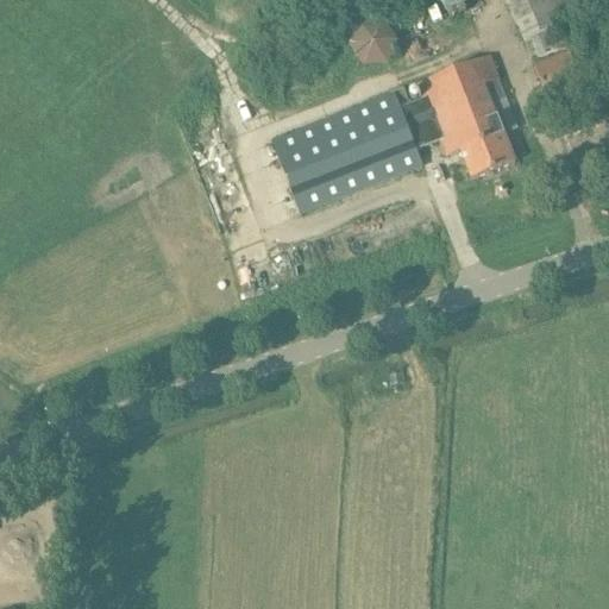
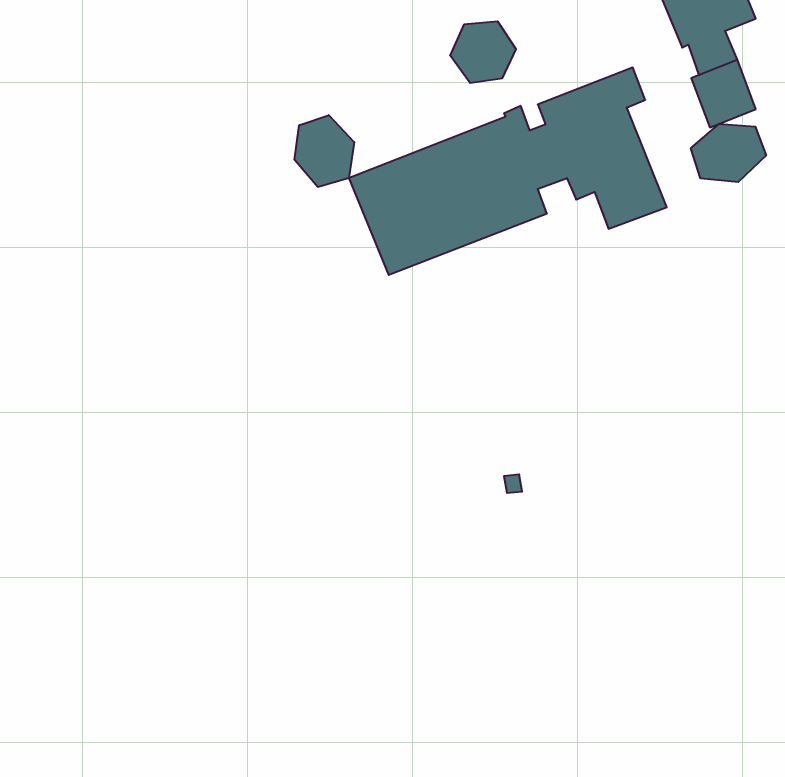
building: none -> [295,115,354,187]
building: none -> [691,124,766,182]

